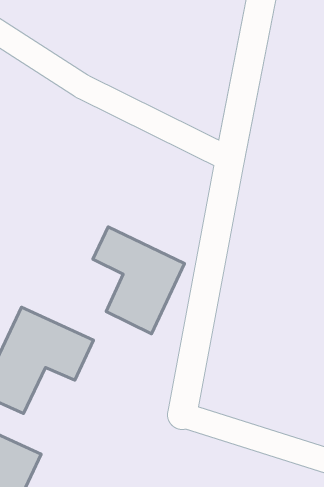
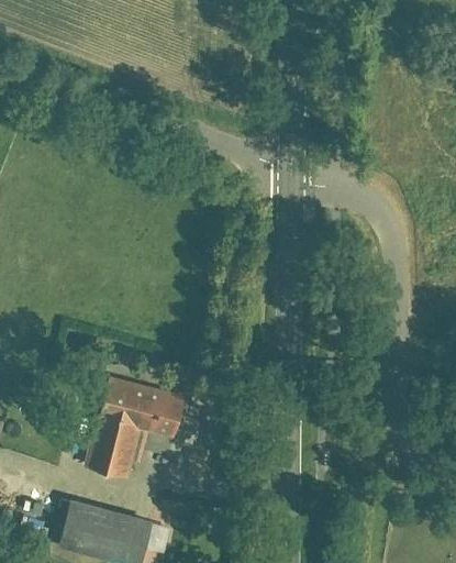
building: [93,227,185,334] -> none

